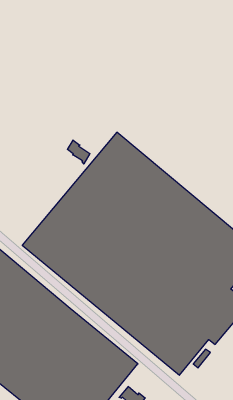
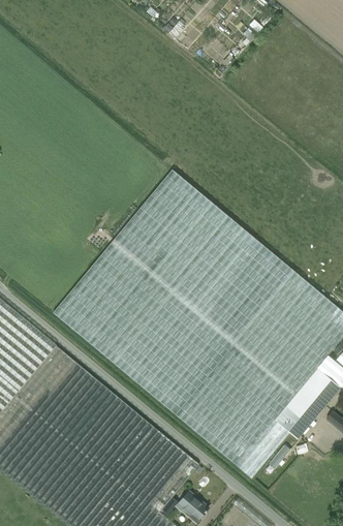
building: [67,140,90,164] -> none

